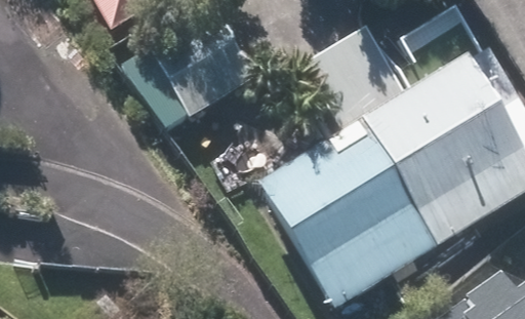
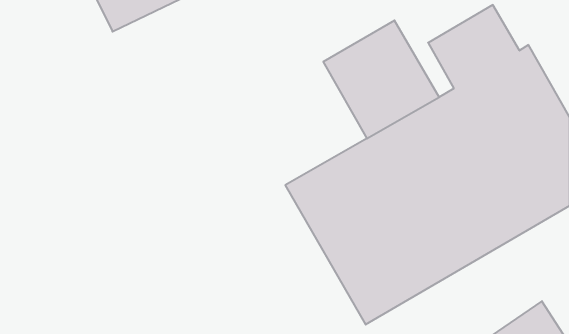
building: [148,18,255,123] -> none

